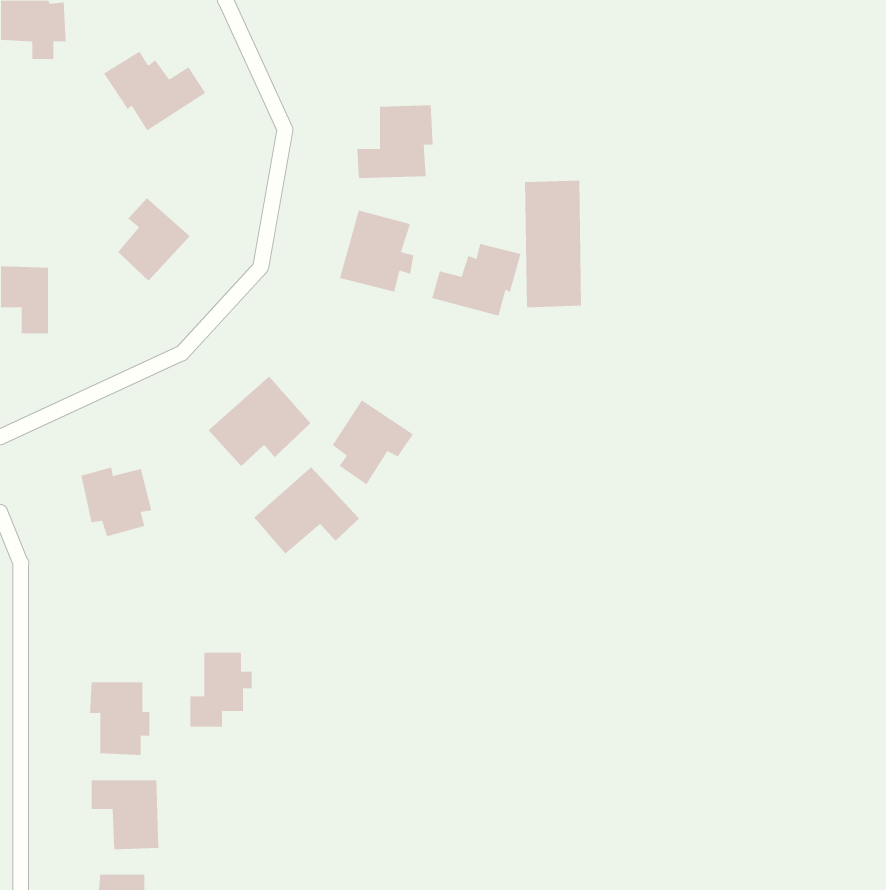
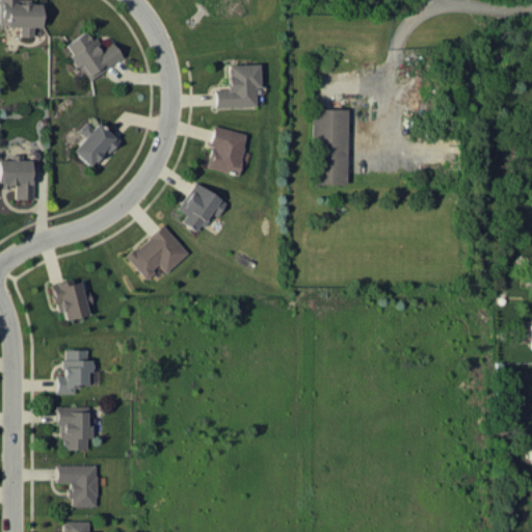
building: [432,243,521,317] -> none
building: [332,399,414,485] -> [179,183,228,234]
building: [254,466,360,555] -> none
building: [190,652,252,727] -> [57,350,95,395]

